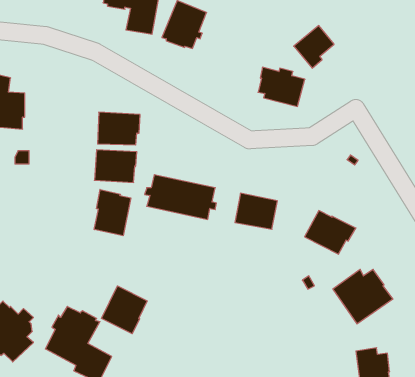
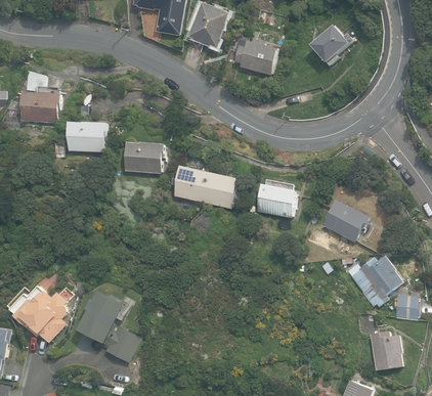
building: [258,67,305,106] -> [233,38,277,75]
building: [98,112,140,145] -> [67,121,106,151]
building: [94,189,131,236] -> none
building: [102,286,147,334] -> none
building: none -> [393,294,418,318]

